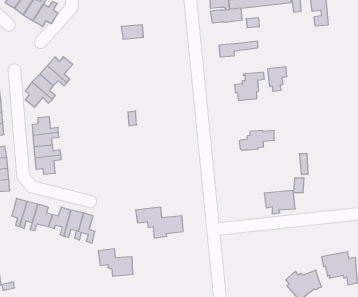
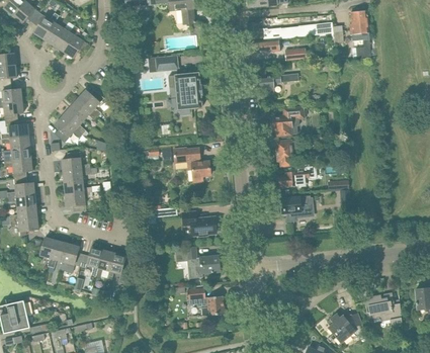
building: none -> [169,73,202,109]
building: [268,67,287,91] -> [276,140,296,165]
building: none -> [173,148,210,181]
building: none -> [182,211,217,236]
building: [264,190,295,214] -> [280,195,313,219]
building: [98,249,133,276] -> [187,287,224,316]

